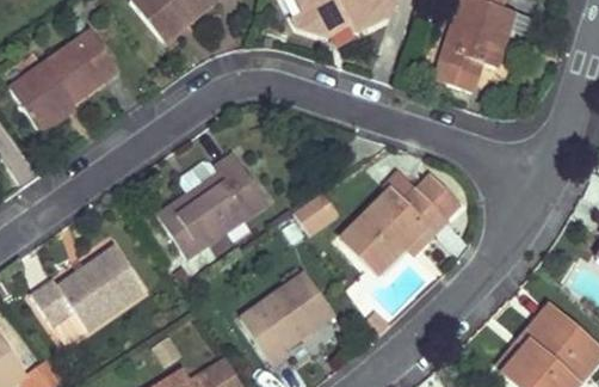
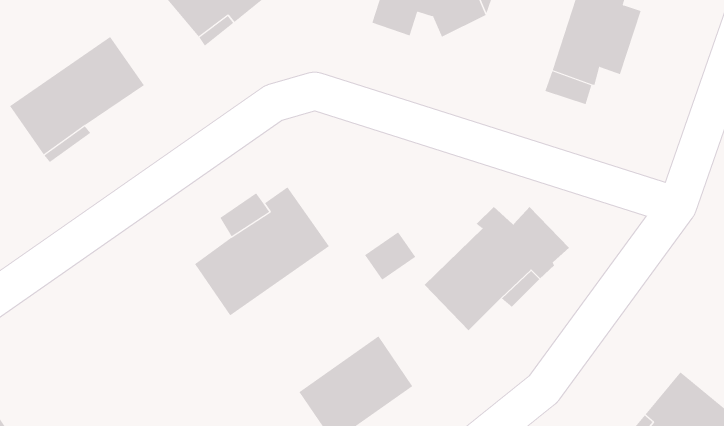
building: [31,242,146,327] -> none

